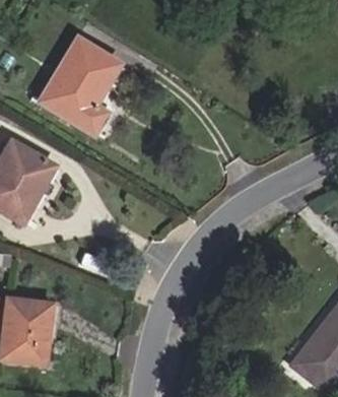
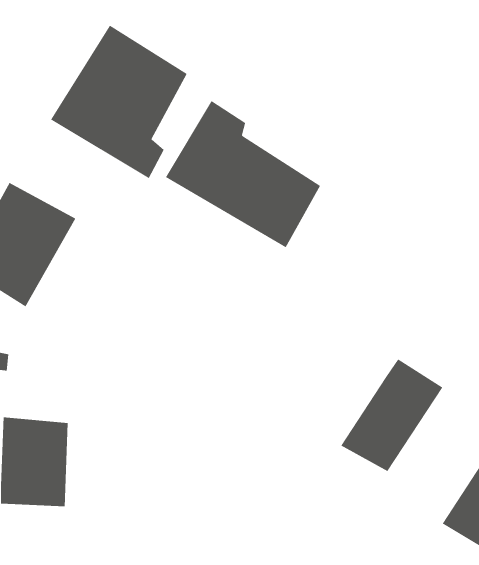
building: none -> [165,100,321,248]
building: none -> [341,358,443,472]

